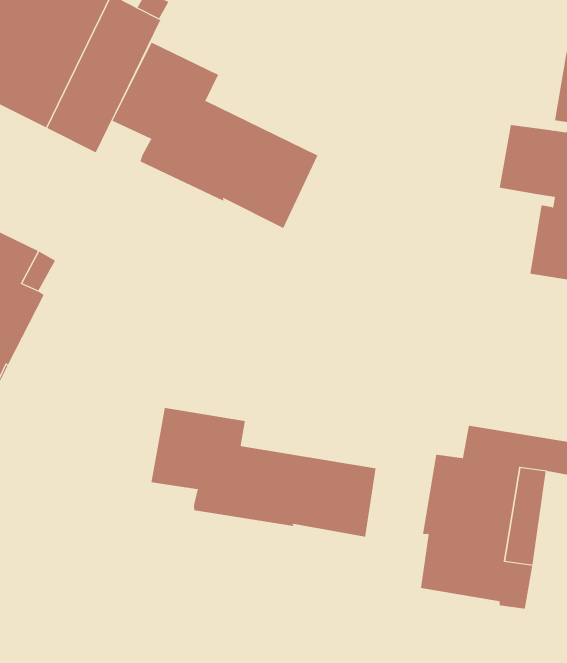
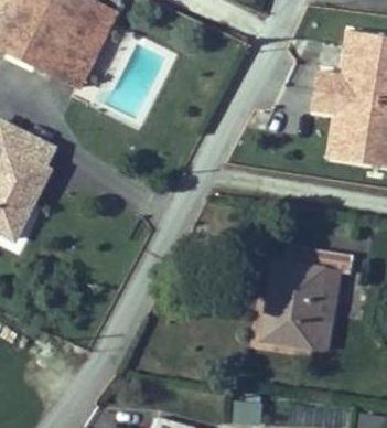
building: [112,42,318,229] -> none
building: [151,407,376,537] -> none

